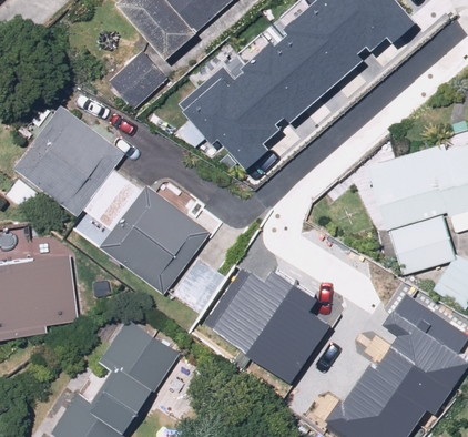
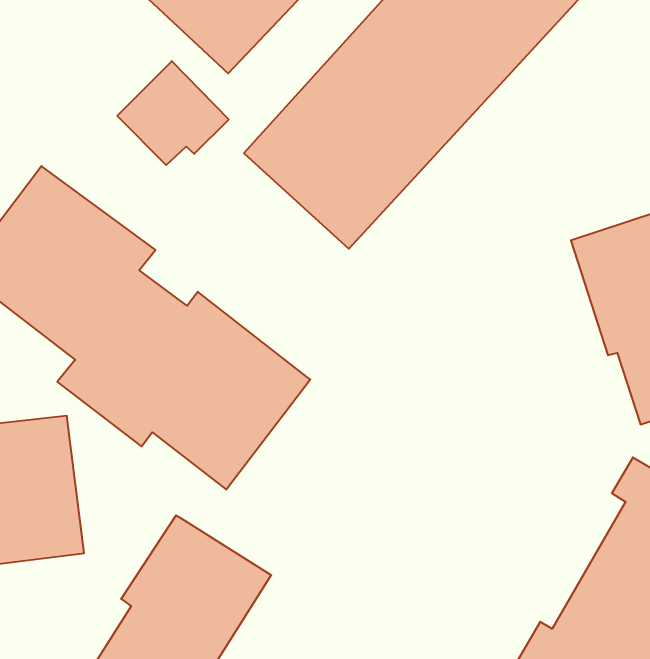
building: [210,257,327,372] -> none

